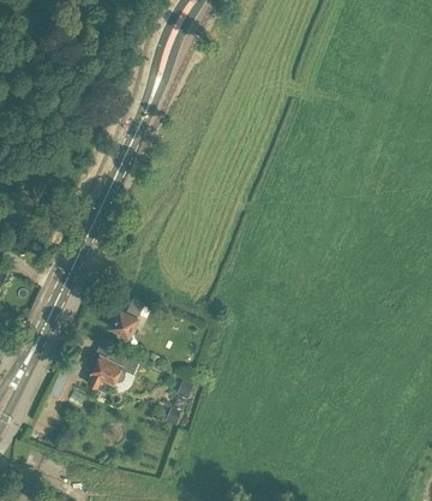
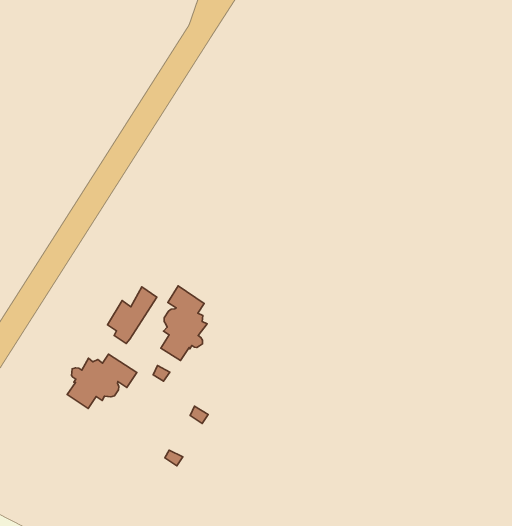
building: none -> [161,286,207,361]

